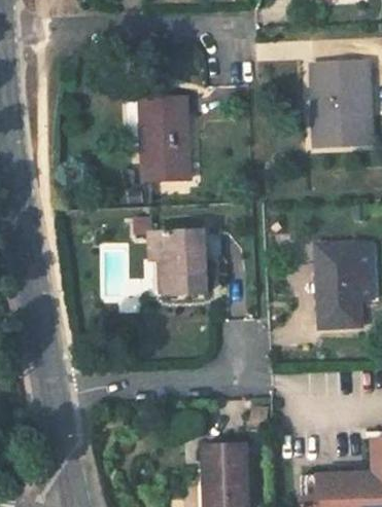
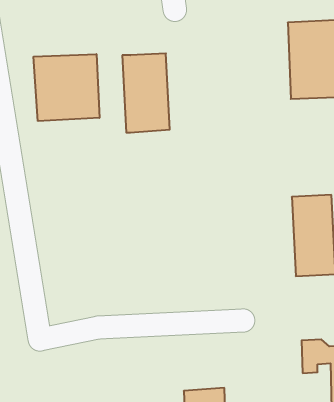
building: none -> [34,54,99,121]
building: [150,231,206,296] -> none

